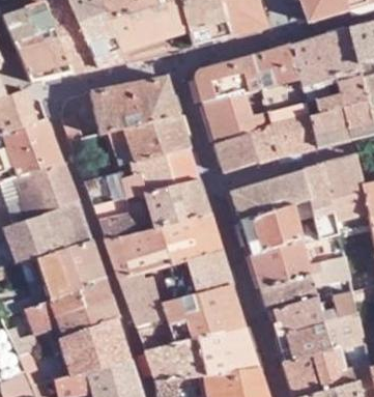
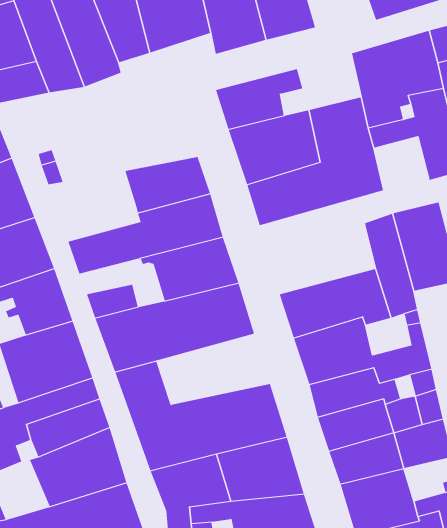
building: [253,45,299,86] -> none
building: [91,78,180,136] -> none
building: [309,106,349,145] -> none
building: [231,169,310,221] -> none
building: [150,250,233,302] -> none

